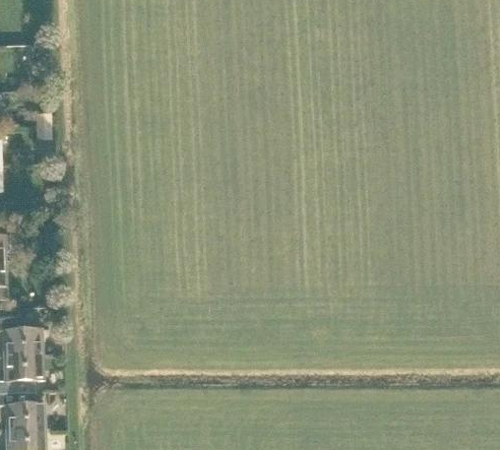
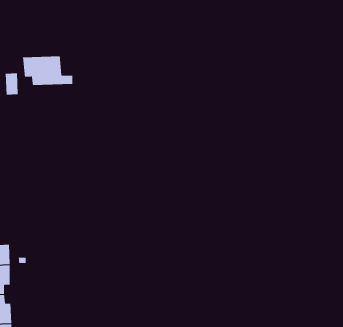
building: none -> [23,56,73,86]

